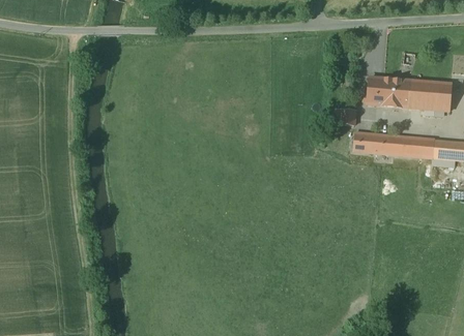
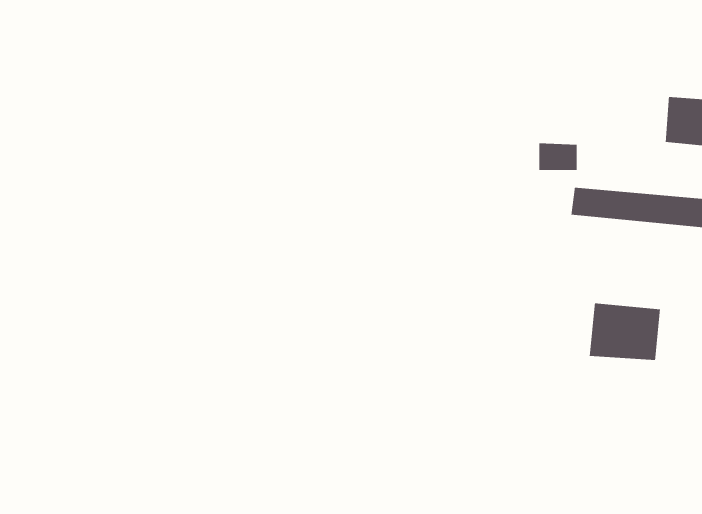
building: [367,77,410,106] -> none
building: none -> [589,302,661,361]

